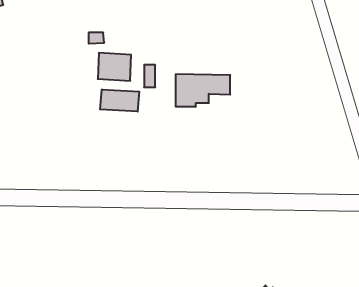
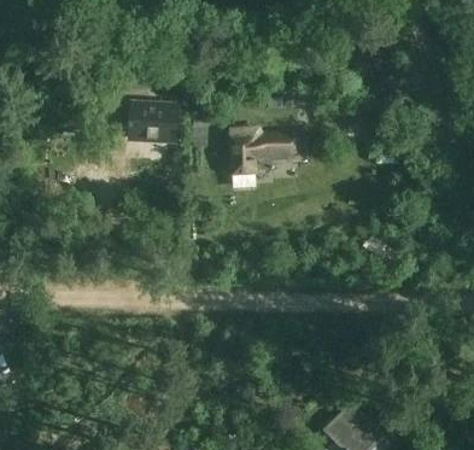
building: [100,89,139,112] -> none

